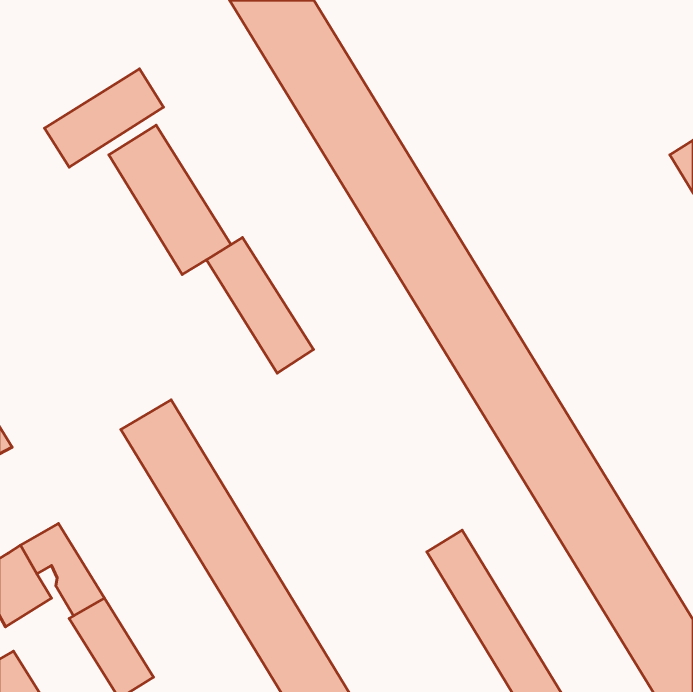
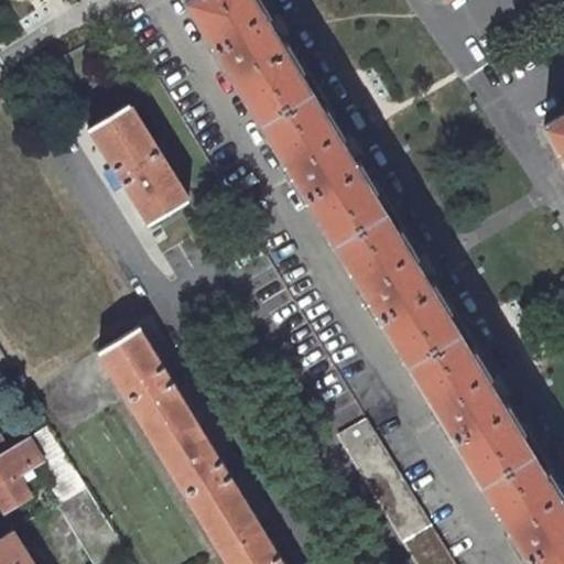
building: [44,69,163,167] -> none
building: [206,238,313,373] -> none

